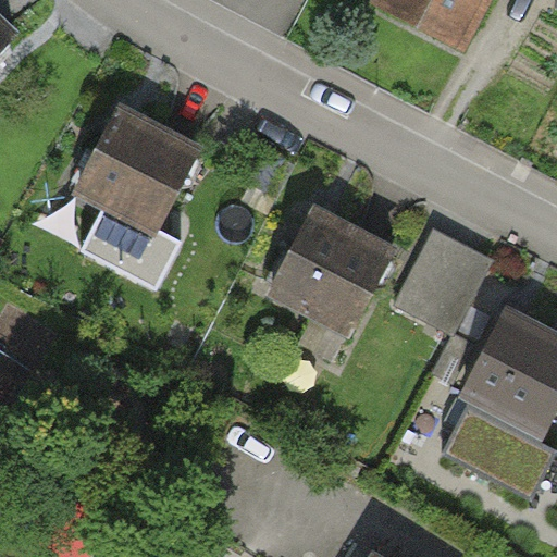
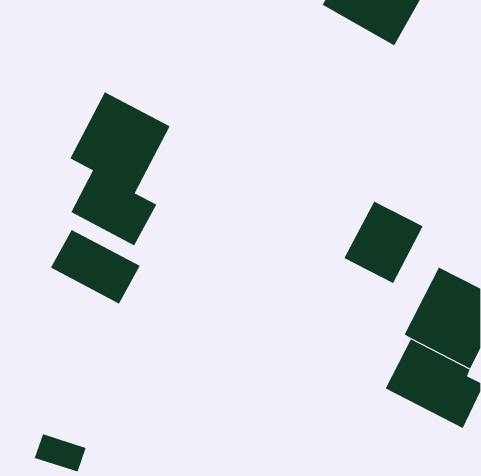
building: [276,210,388,348] -> none
building: none -> [50,229,140,304]

